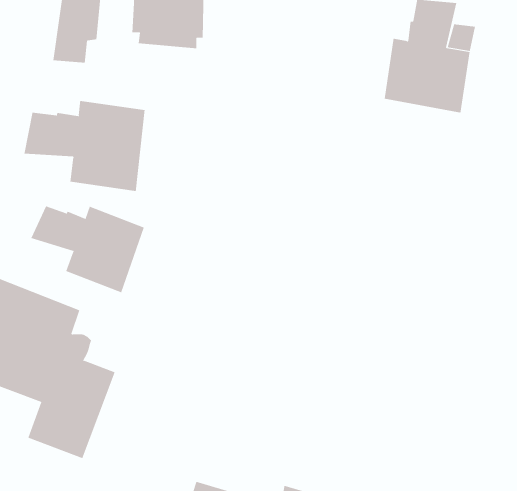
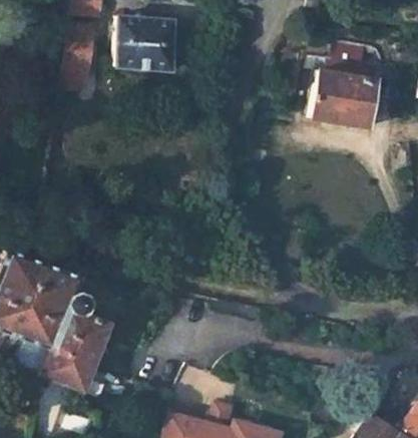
building: [24,100,145,192] -> none
building: [31,205,145,293] -> none

